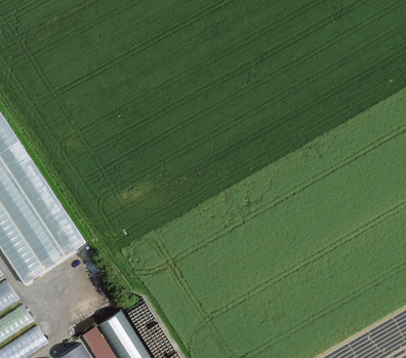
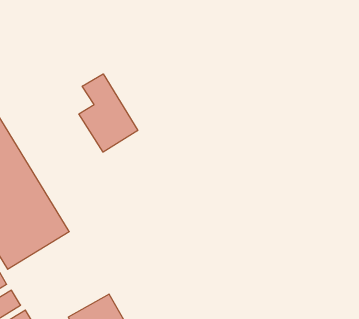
building: none -> [79,74,138,152]

